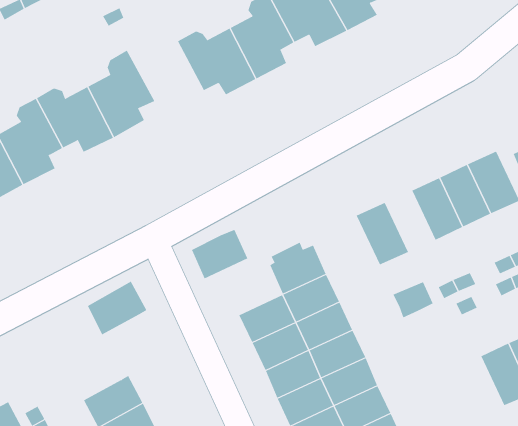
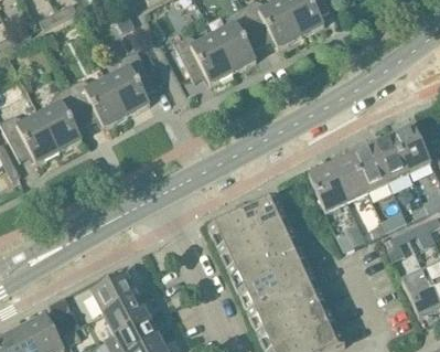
building: none -> [330,154,367,201]
building: [191,229,248,279] -> [210,211,253,248]
building: [87,281,147,335] -> [92,271,137,312]

